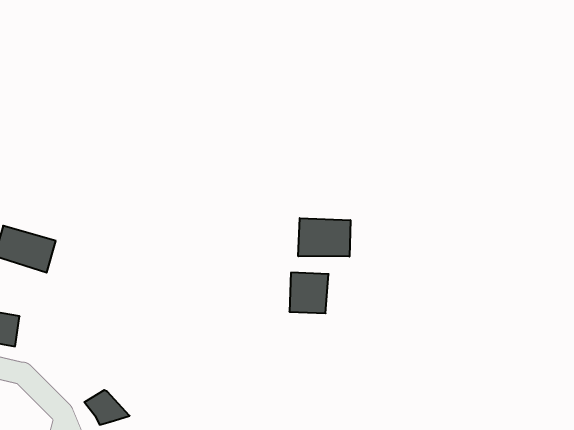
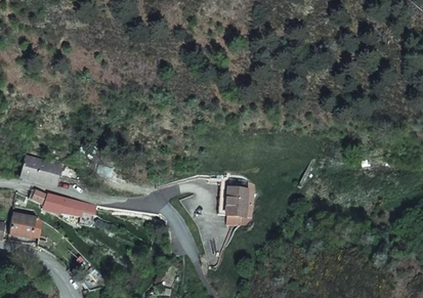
building: [298,218,350,257] -> none
building: none -> [34,188,97,213]

